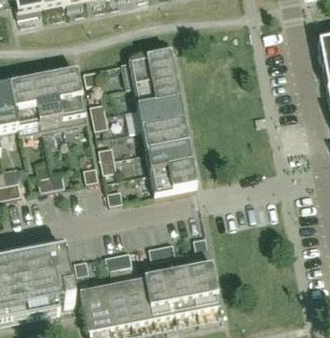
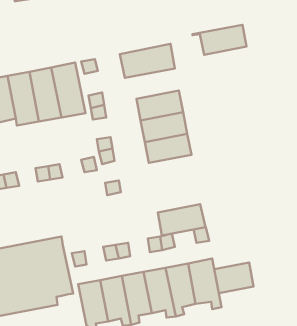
building: [125,75,179,105] -> [193,25,247,55]
building: [149,161,196,192] -> [158,204,205,235]
building: none -> [214,262,254,293]

